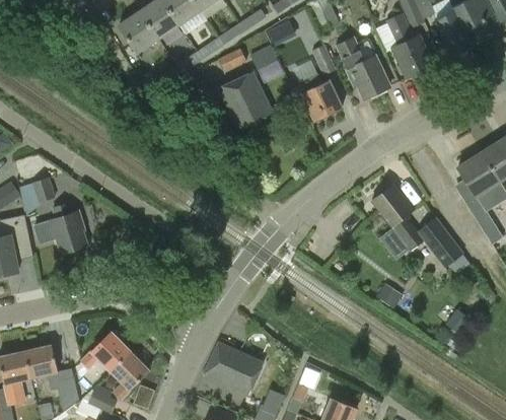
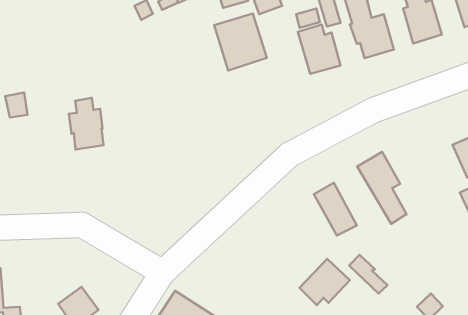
building: [50,202,86,253] -> [69,98,103,150]
building: [419,218,463,267] -> [314,183,357,236]
building: none -> [299,259,350,305]
building: [80,332,130,370] -> none

